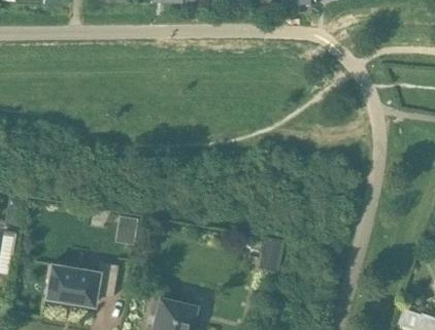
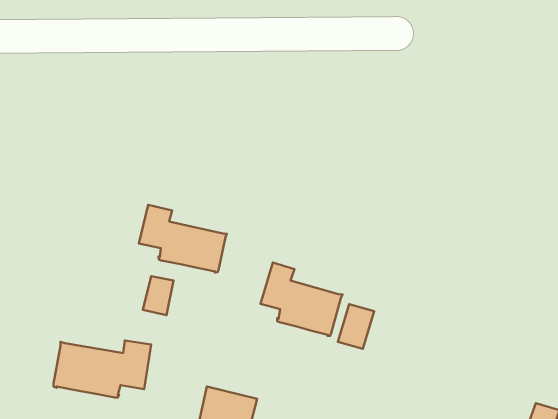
building: none -> [139,205,227,273]
building: none -> [261,263,342,336]

